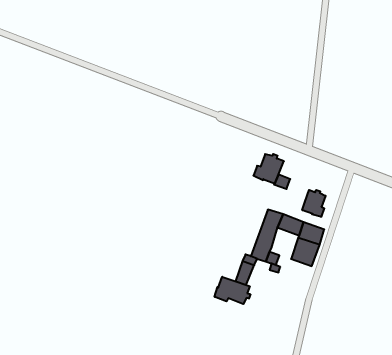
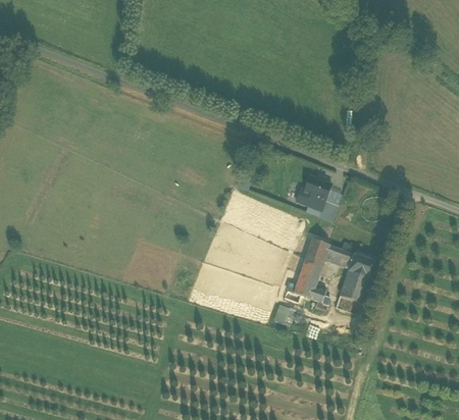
building: [302,190,326,217] -> none
building: [215,277,250,304] -> none

